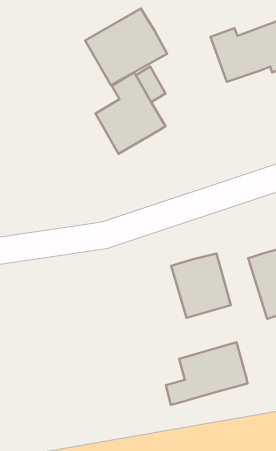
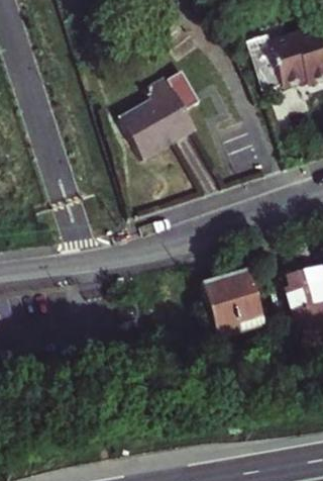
building: [85,8,167,85] -> none
building: [166,342,248,405] -> none

